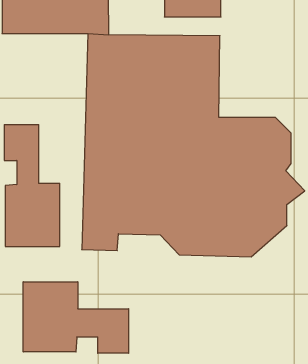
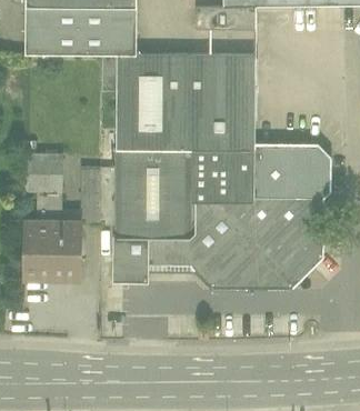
building: [23,282,129,353] -> none

